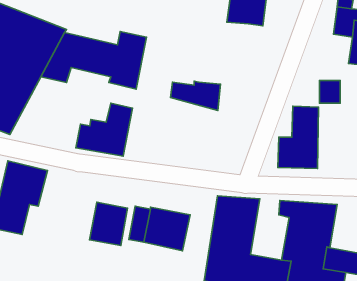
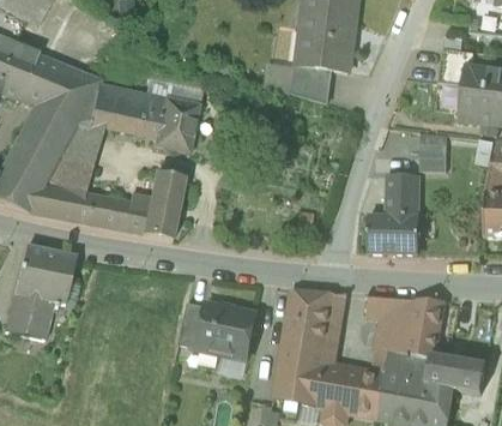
building: none -> [28,138,117,228]
building: [171,81,221,111] -> [267,67,331,104]
building: [89,202,127,246] -> none

